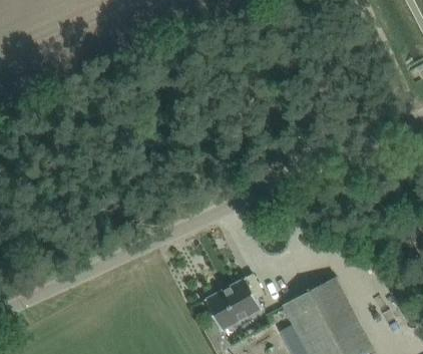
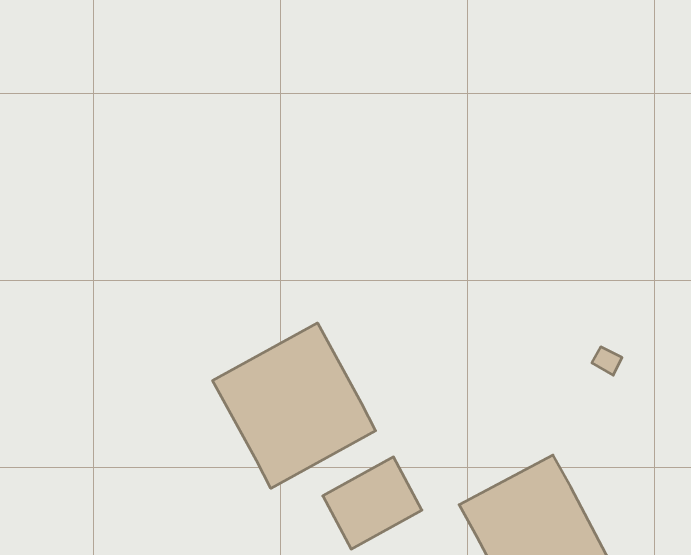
building: none -> [213,323,376,488]

